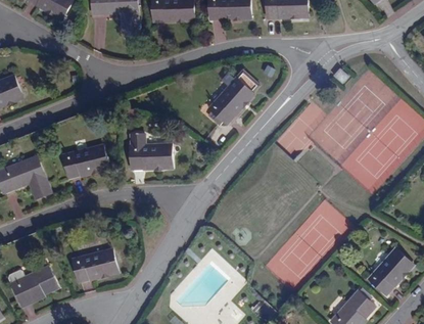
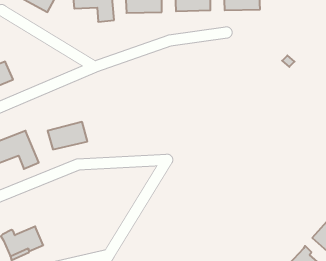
building: [207,71,260,124] -> none
building: [130,134,172,169] -> none
building: [73,248,117,280] -> none

